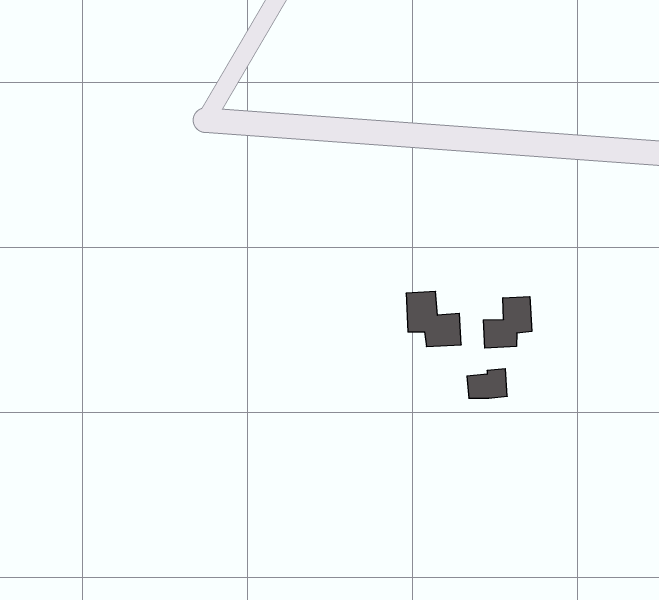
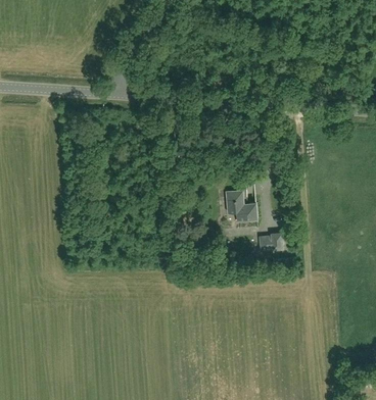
building: [483,297,532,348] -> none

